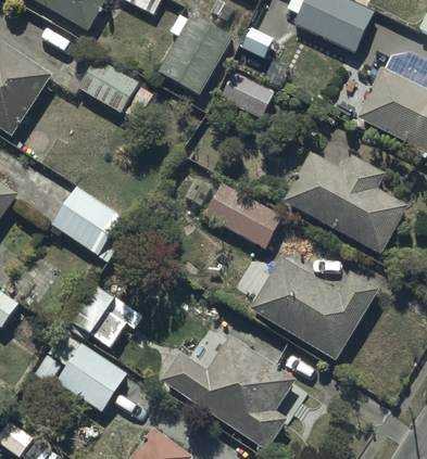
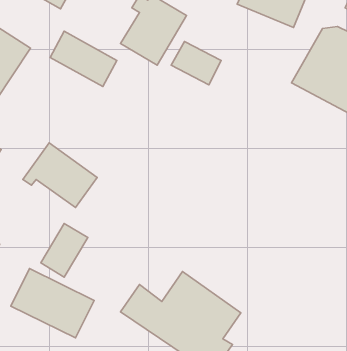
building: [284,153,411,258] -> none
building: [204,182,285,250] -> none
building: [249,255,382,361] -> none

